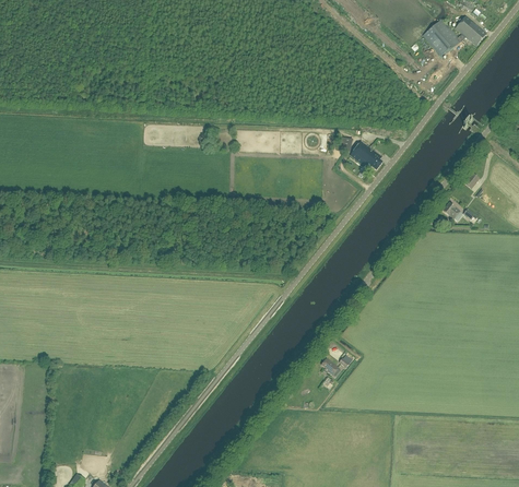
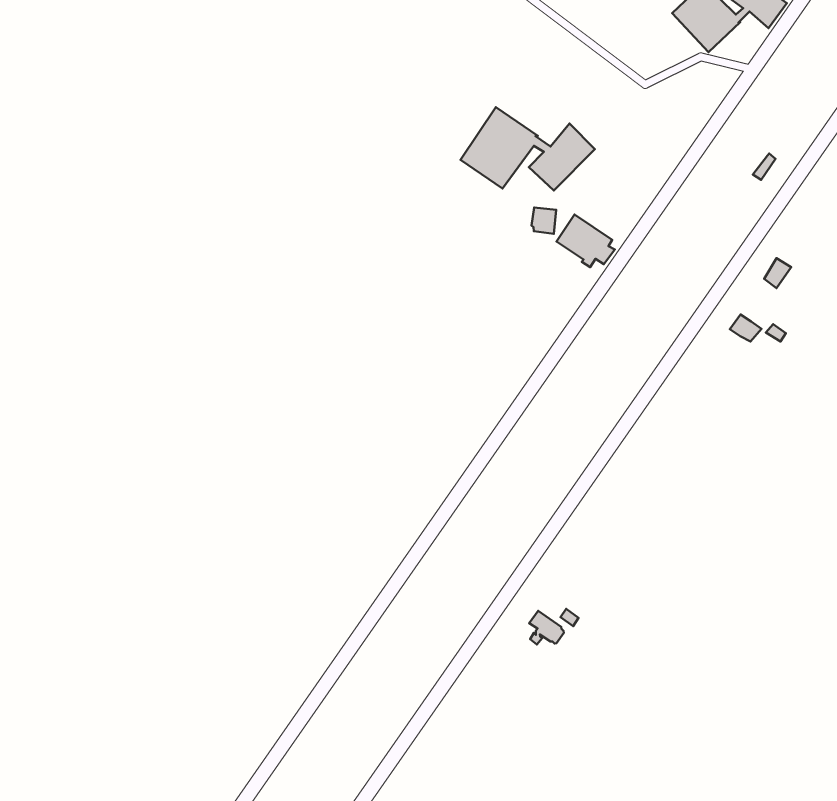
building: none -> [461,107,595,191]

